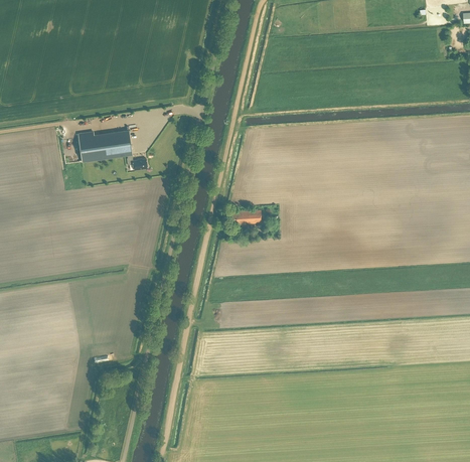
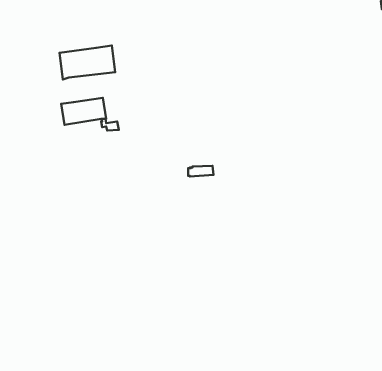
building: none -> [60,45,115,79]

